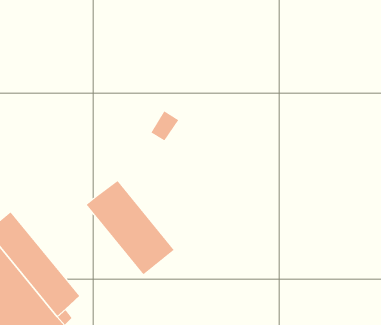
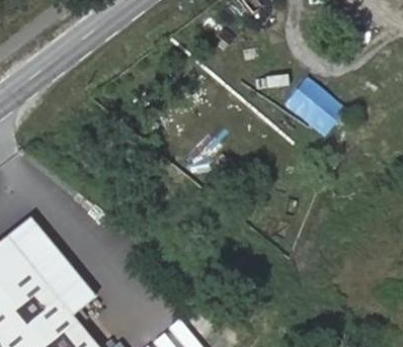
building: [86,180,174,275] -> none

